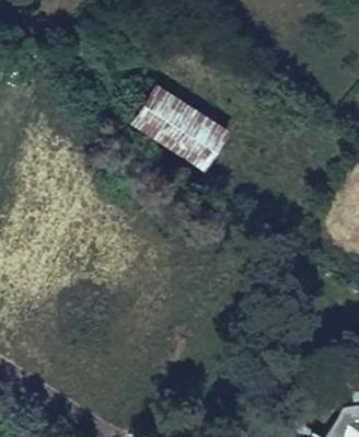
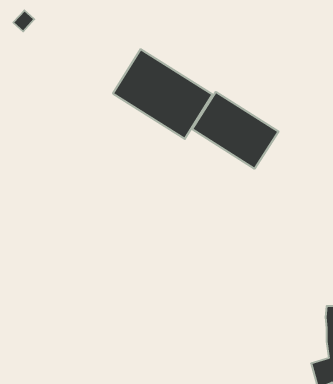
building: none -> [192,92,278,169]

